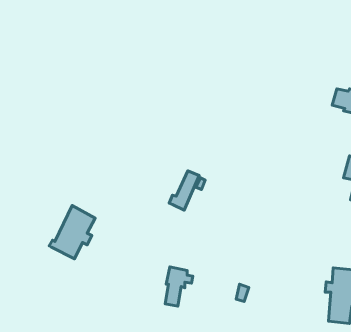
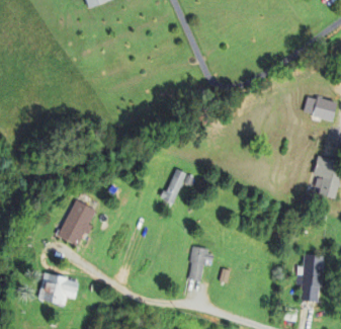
building: [165,267,193,306] -> [188,247,212,281]
building: none -> [37,272,78,306]

